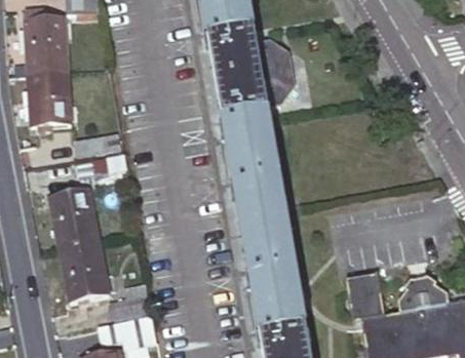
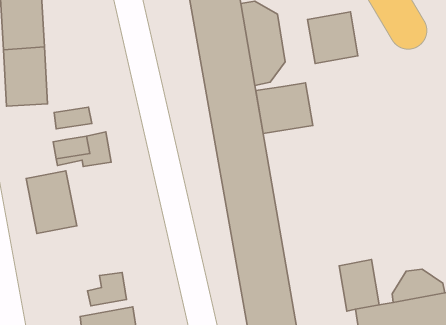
building: none -> [308,12,358,63]
building: none -> [256,83,313,133]
building: [60,241,109,304] -> none

